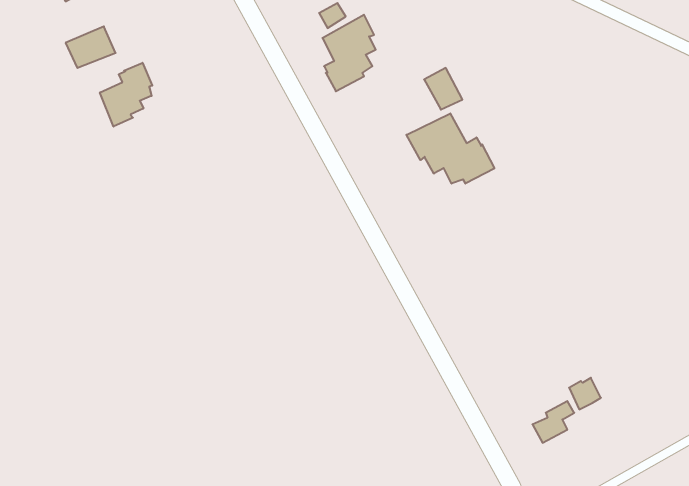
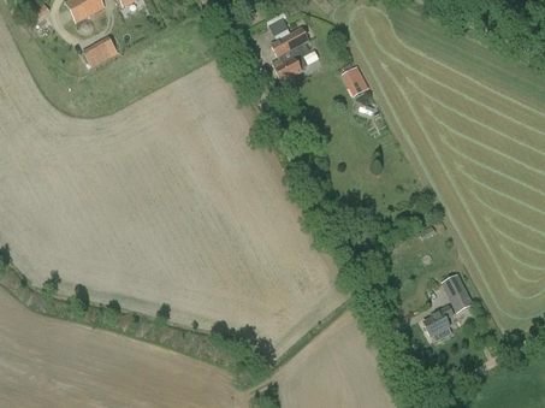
building: [100,63,152,127] -> none
building: [406,113,494,184] -> none

